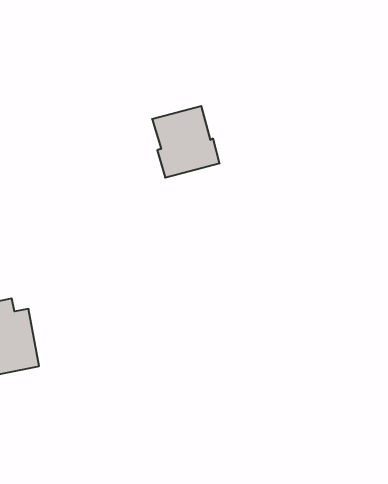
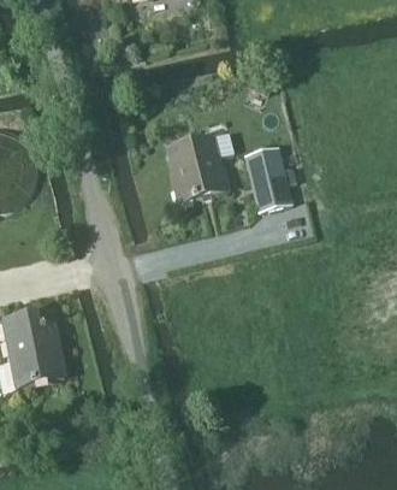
building: none -> [244,147,291,211]

